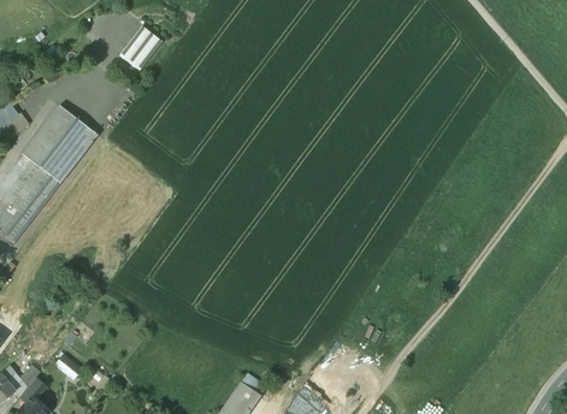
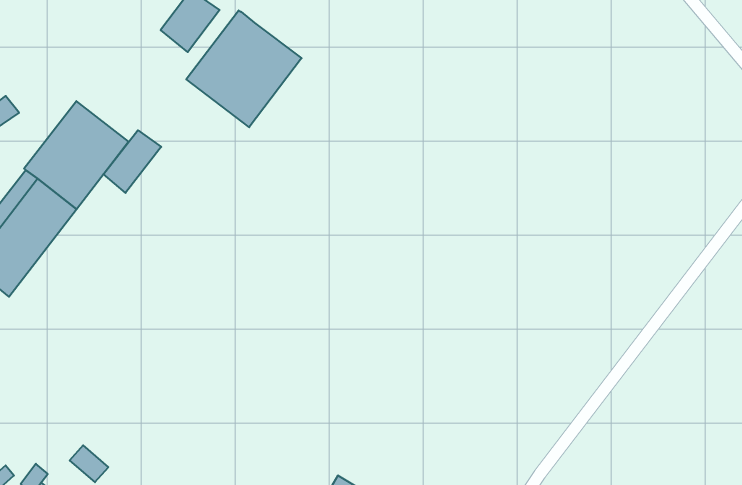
building: none -> [186,10,302,127]
building: none -> [103,130,161,193]

